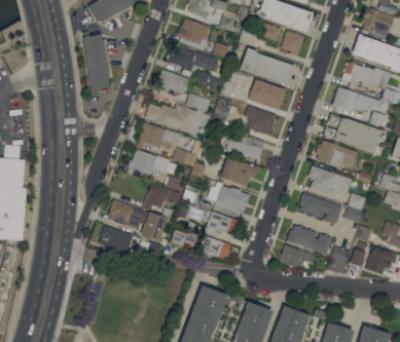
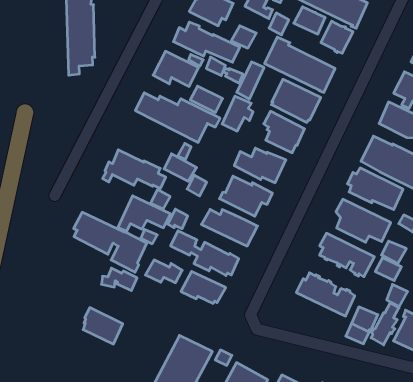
building: [136,122,180,149] -> none
building: [102,226,132,252] -> [83,308,123,344]
building: [280,245,315,269] -> none

